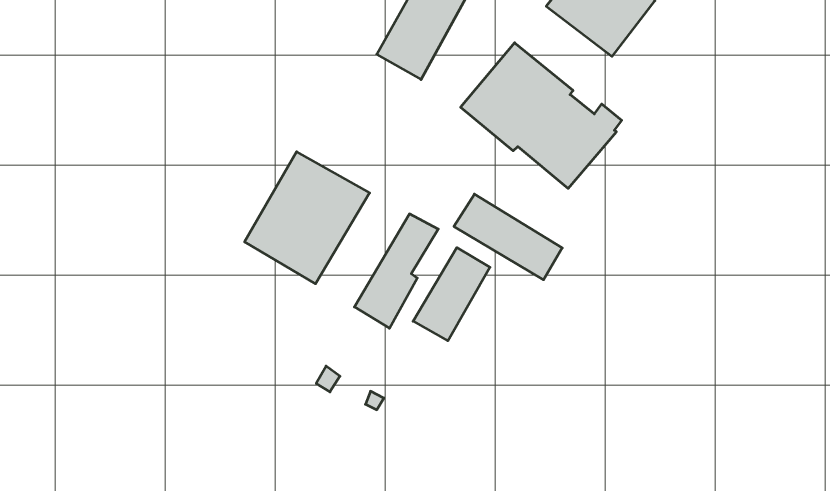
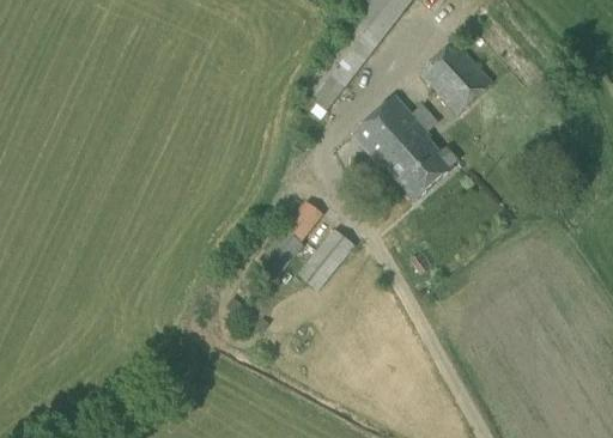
building: [245,152,370,284] -> none
building: [454,194,562,280] -> none

